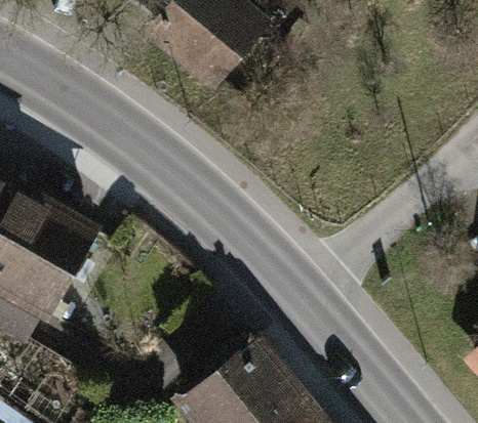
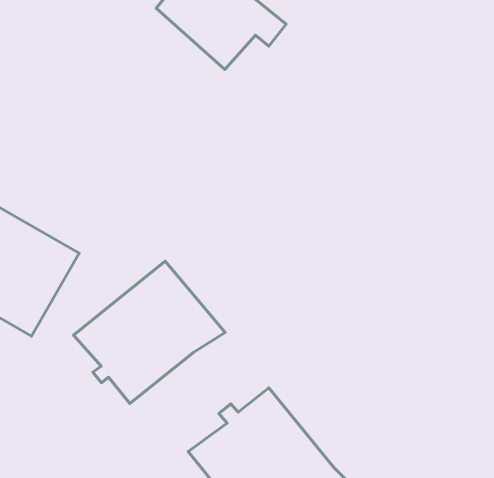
building: none -> [73,261,225,403]

